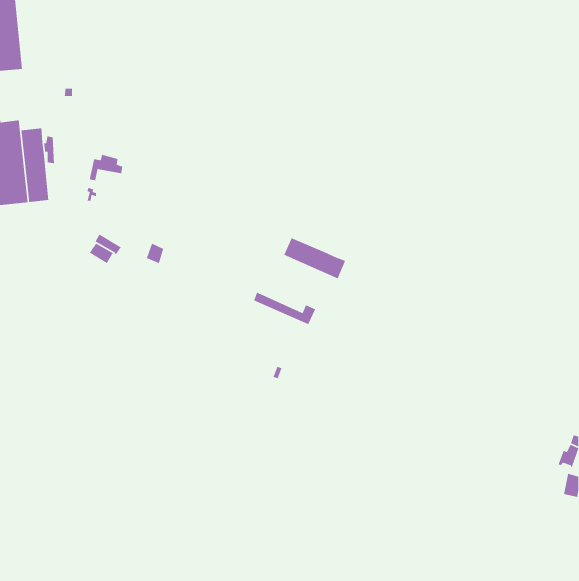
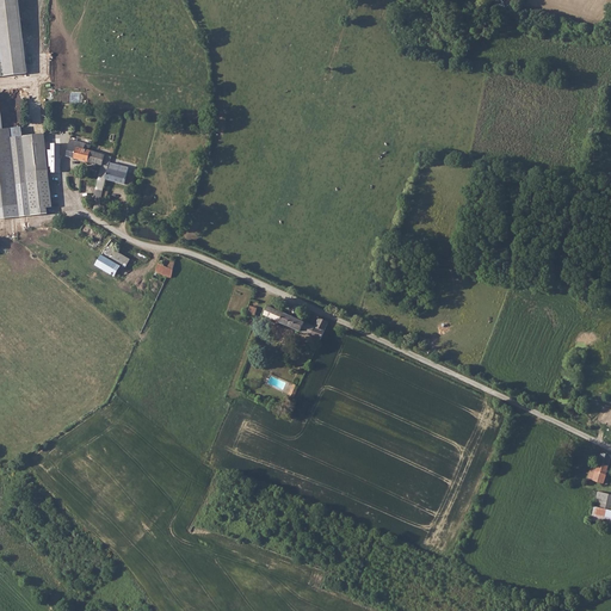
building: none -> [63,141,107,167]
building: [283,237,346,279] -> none

